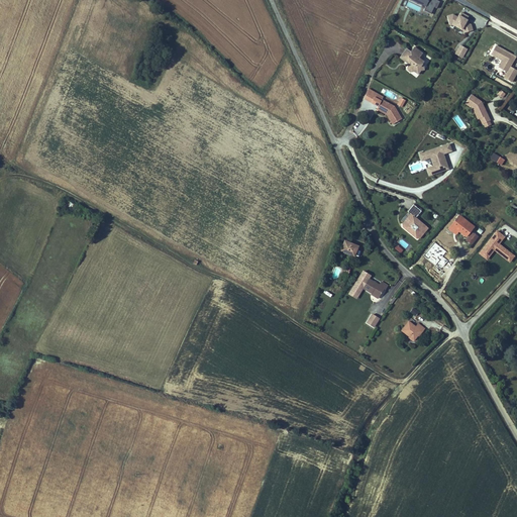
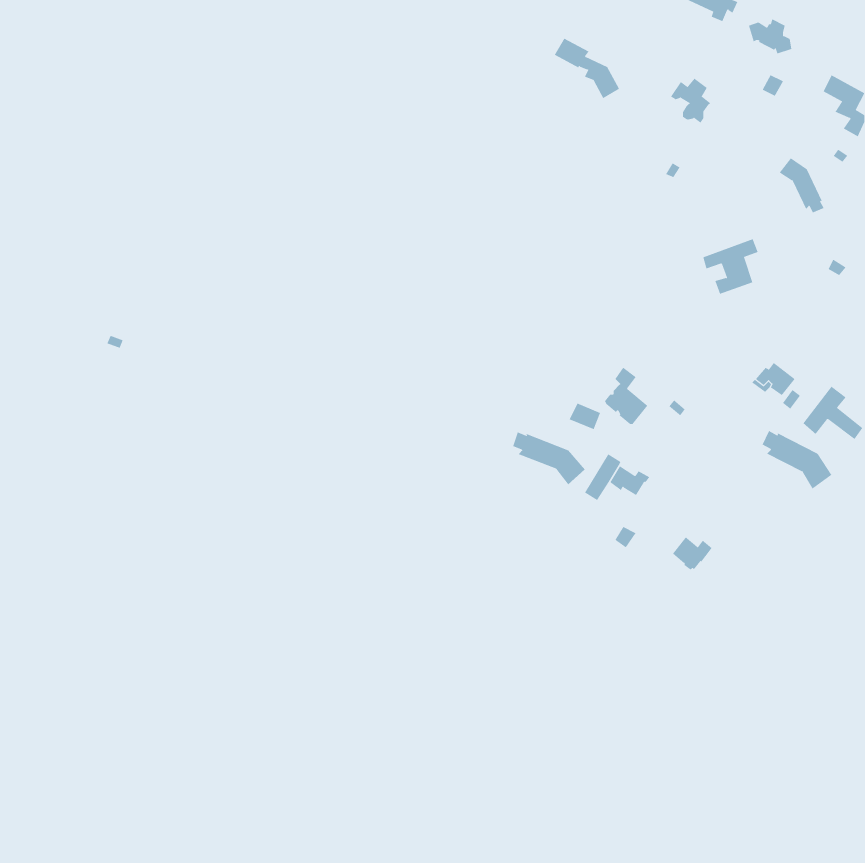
building: [363,88,402,124] -> [554,38,620,99]
building: [402,204,428,238] -> [604,367,648,425]
building: none -> [762,430,832,490]
building: none -> [513,432,586,485]

